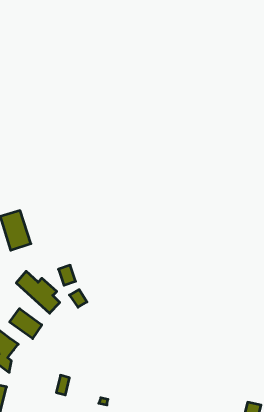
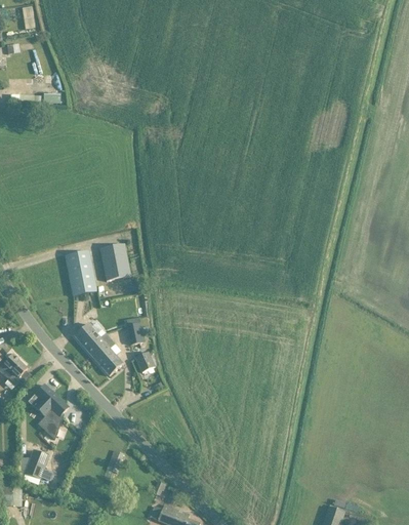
building: none -> [98,243,130,280]
building: [10,309,42,339] -> none

